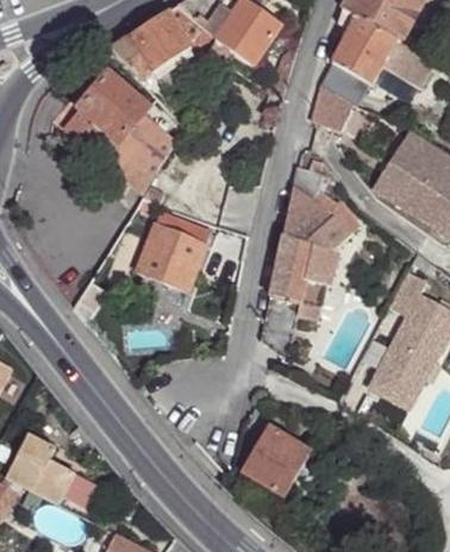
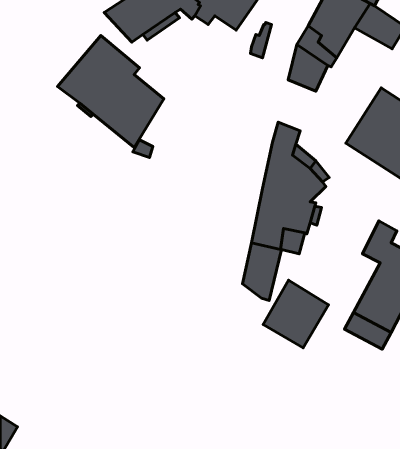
building: [137,211,212,289] -> none
building: [242,424,312,496] -> [263,280,329,348]
building: [6,433,76,504] -> none

